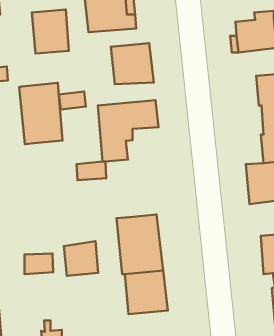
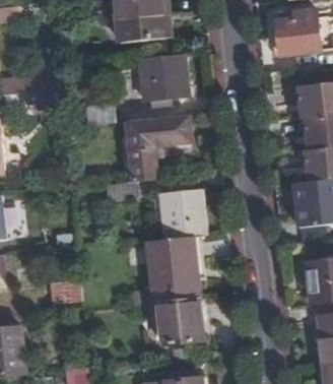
building: [32,9,69,54] -> none
building: [19,83,63,144] -> none
building: none -> [157,188,205,241]
building: [64,241,98,276] -> none

